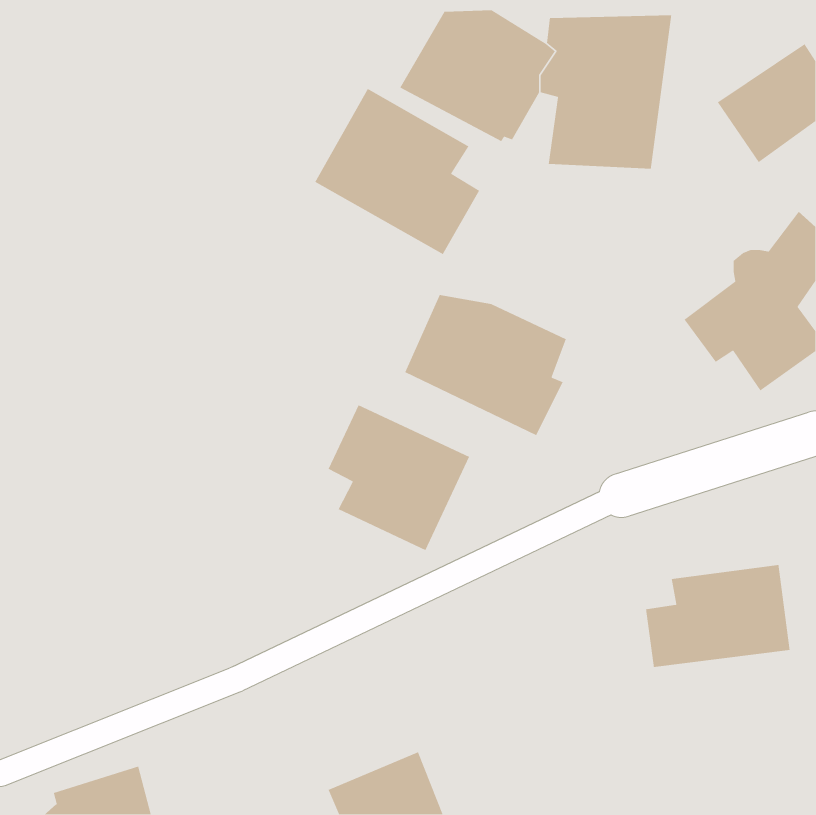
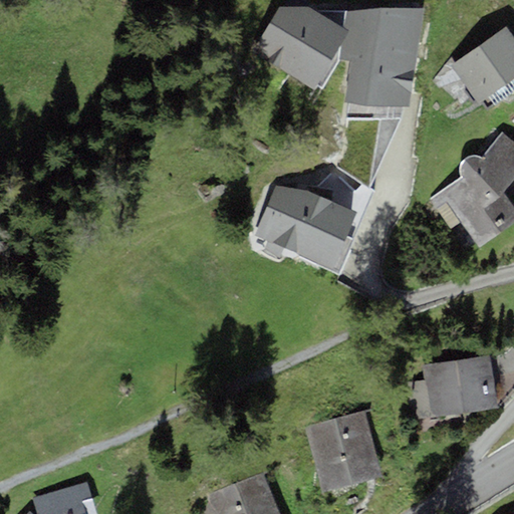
building: [314,88,480,255] -> none
building: [327,404,470,551] -> none
building: none -> [303,411,380,490]

